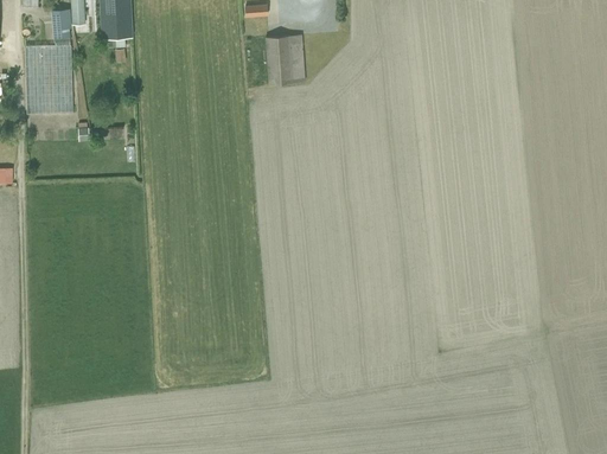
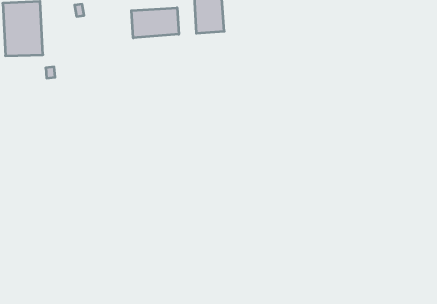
building: none -> [131,8,179,38]

